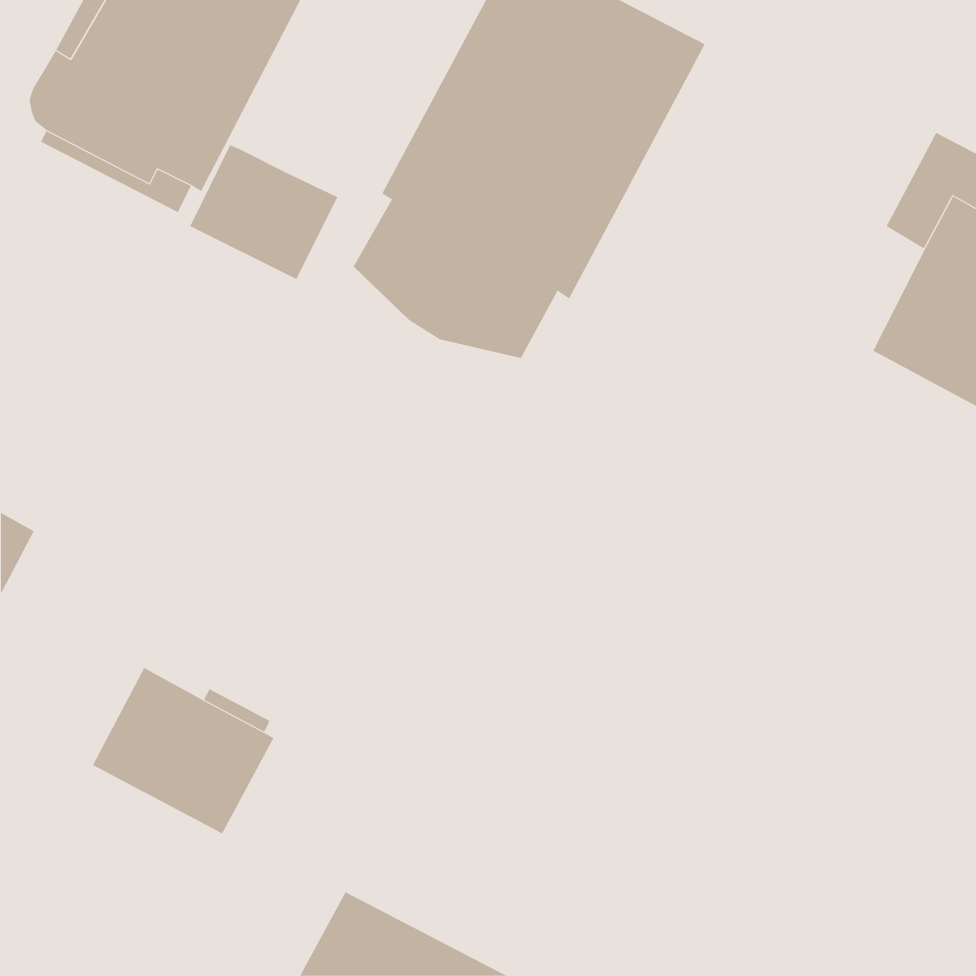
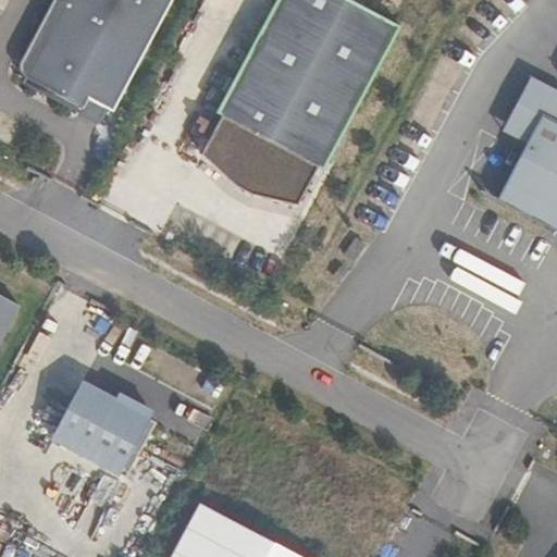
building: [190,144,338,280] -> none

